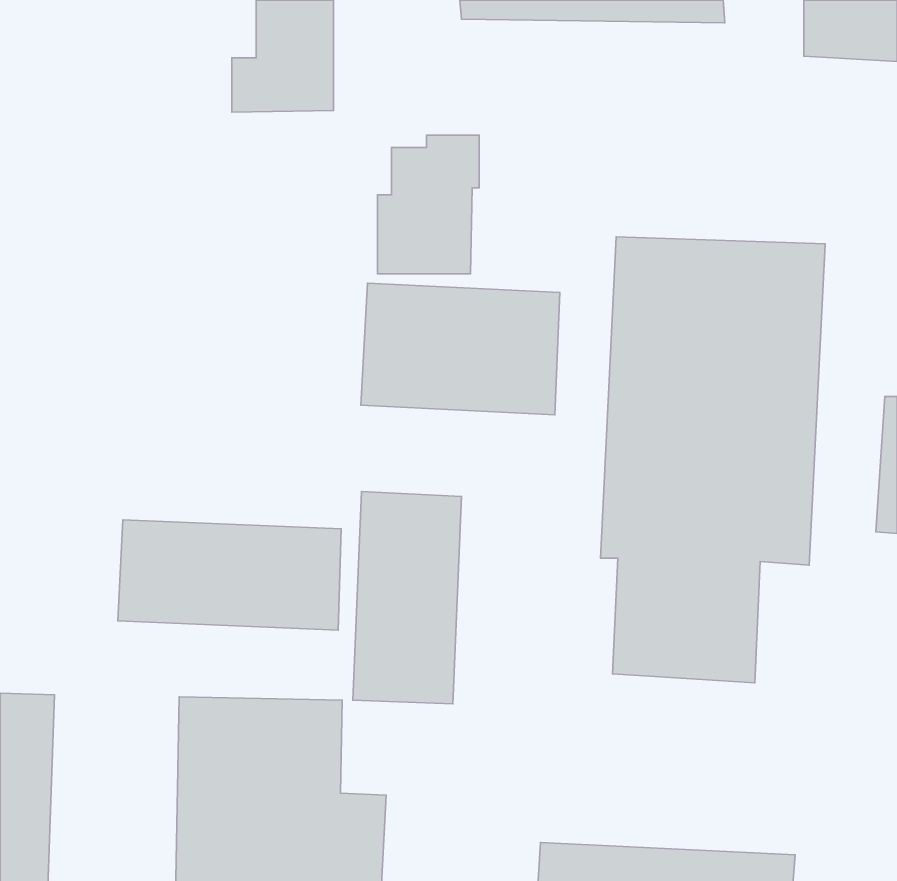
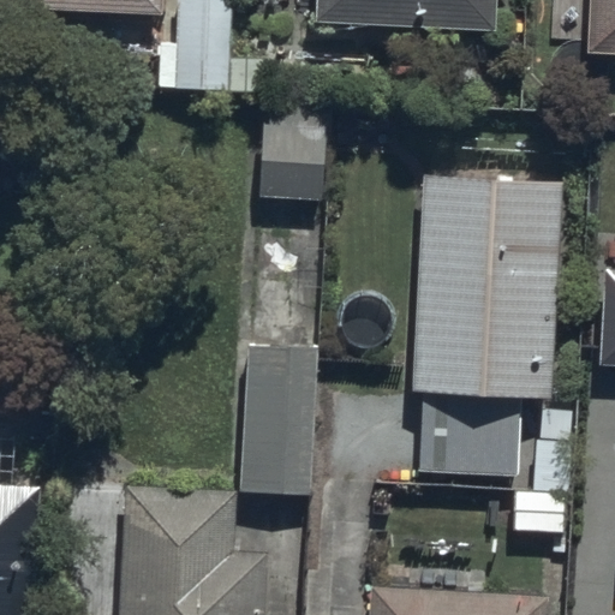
building: [361,283,560,415] -> none
building: [118,520,341,630] -> none

